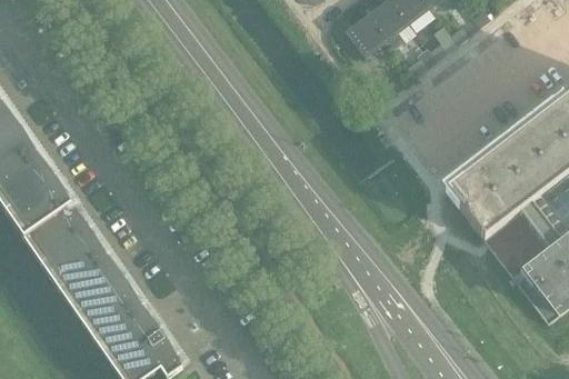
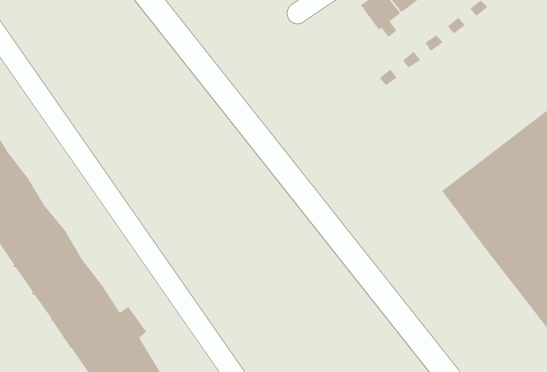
building: [347,13,387,54] -> none

